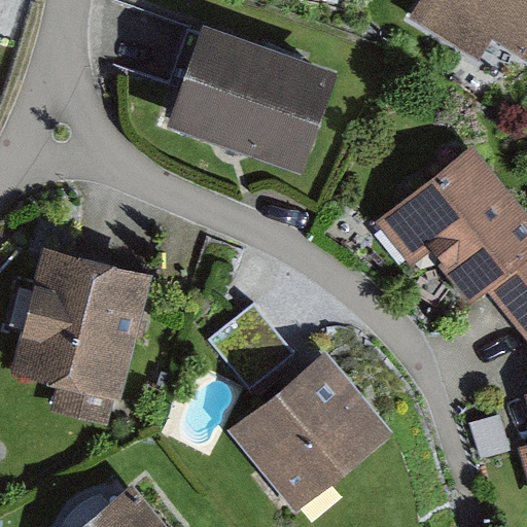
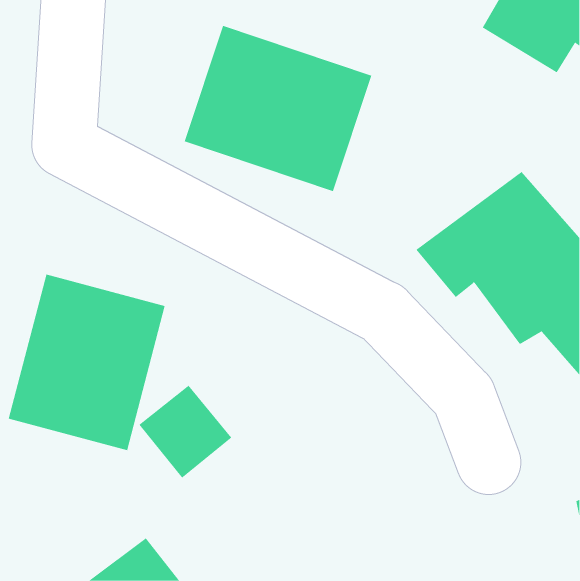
building: [210,301,294,385] -> [139,385,232,478]
building: [234,356,397,515] -> none

